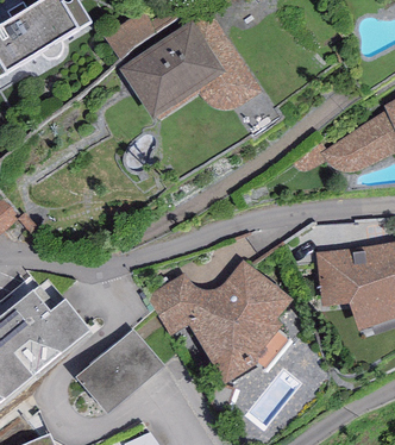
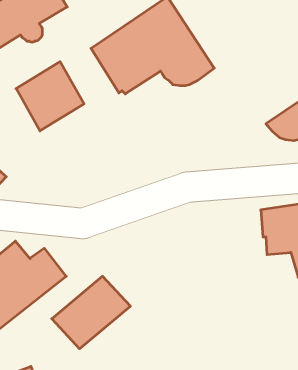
building: none -> [16,62,84,131]
building: [146,259,291,381] -> none

